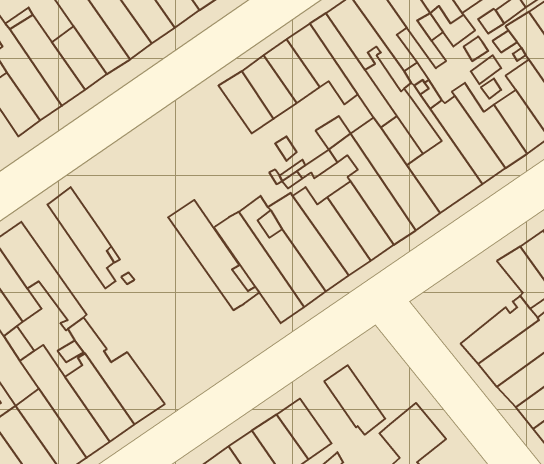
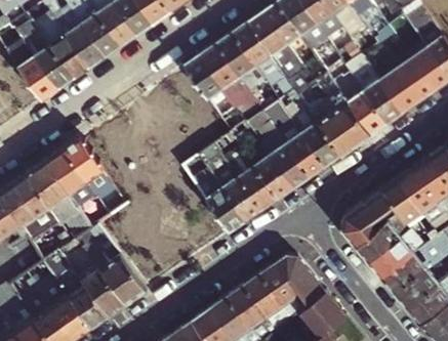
building: [168,200,260,310] -> [44,150,109,227]
building: none -> [340,189,399,248]
building: none -> [275,256,323,305]
building: none -> [241,274,281,318]

